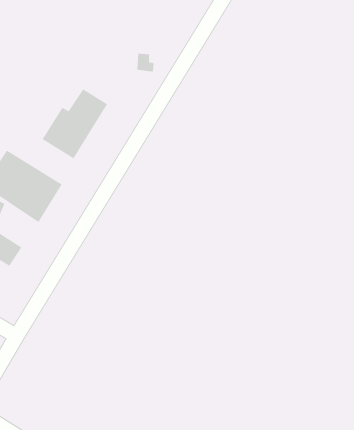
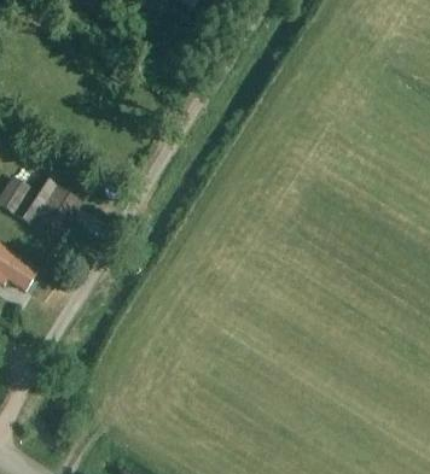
building: [42,89,108,159] -> none

